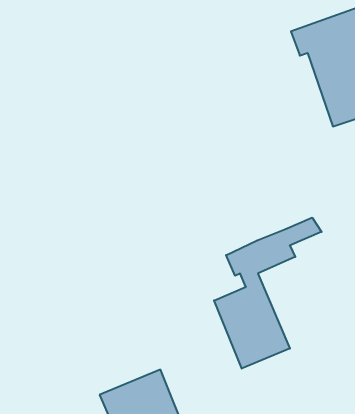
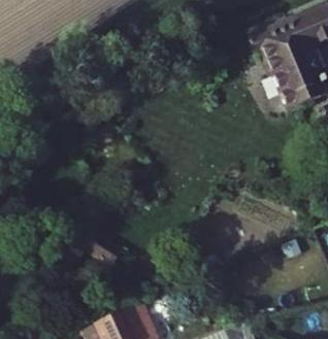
building: [214,218,322,369] -> none

